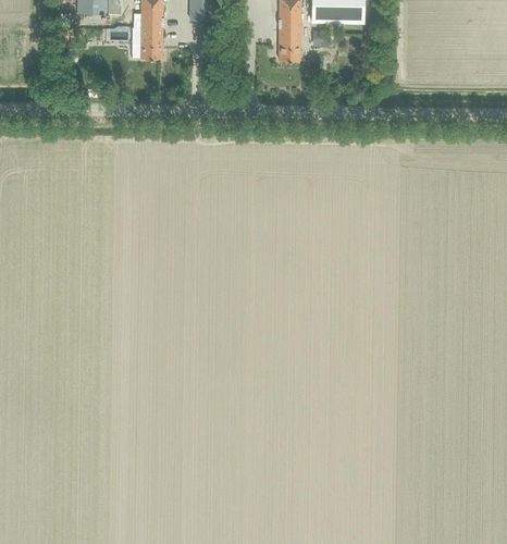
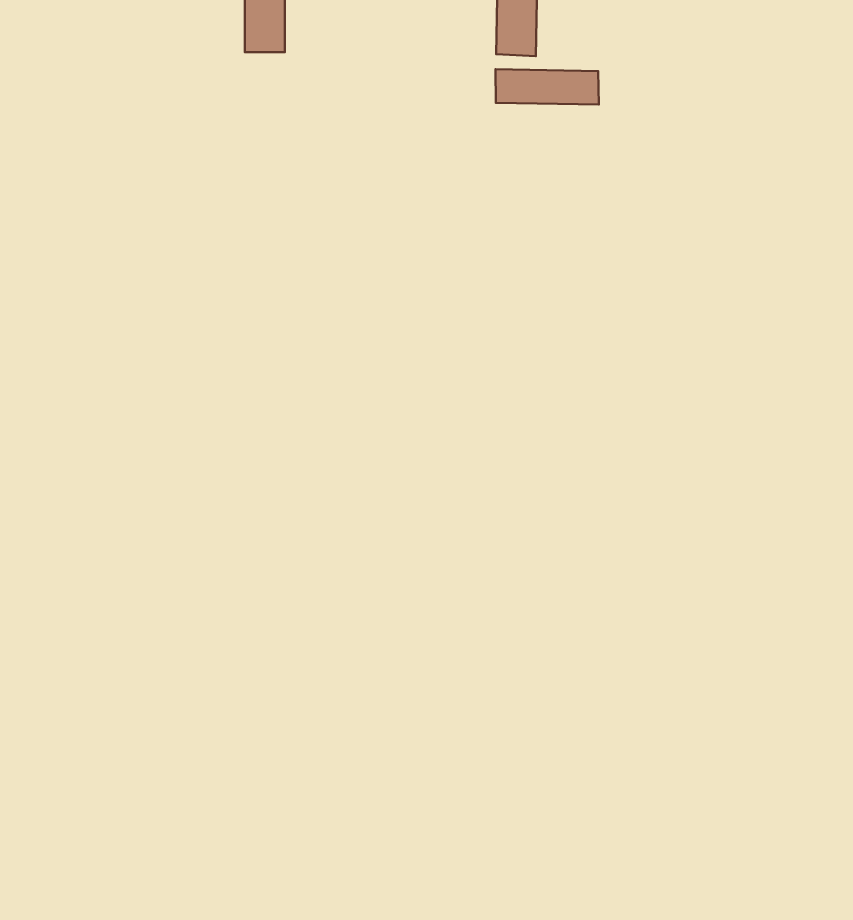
building: none -> [495,69,599,105]

